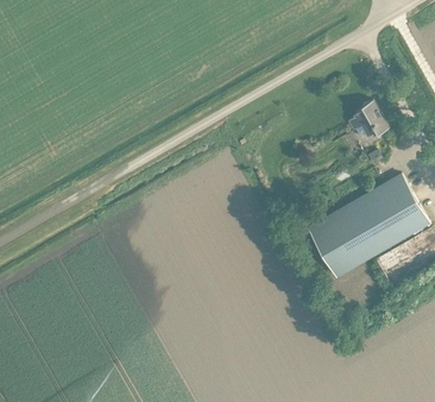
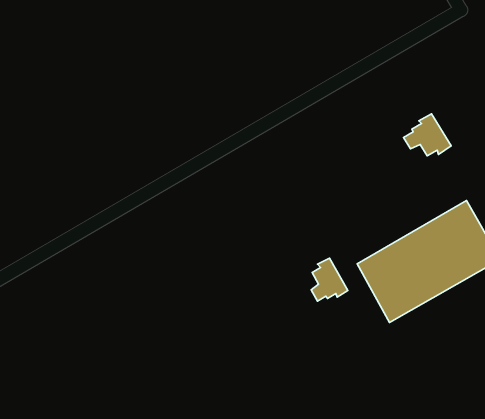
building: none -> [311,258,348,301]

